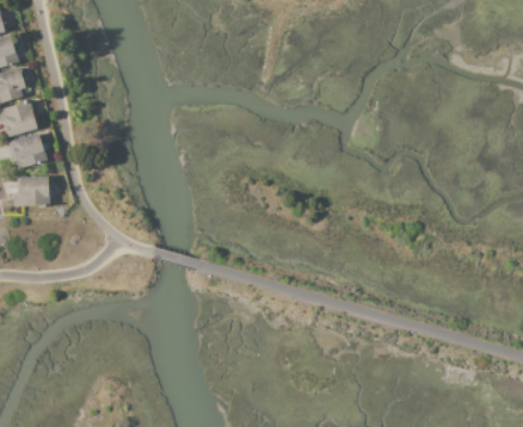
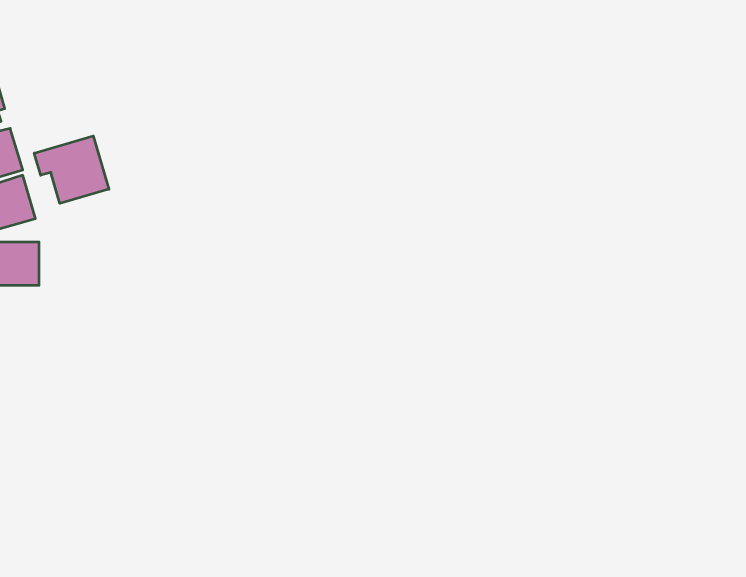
building: none -> [34,136,109,203]

